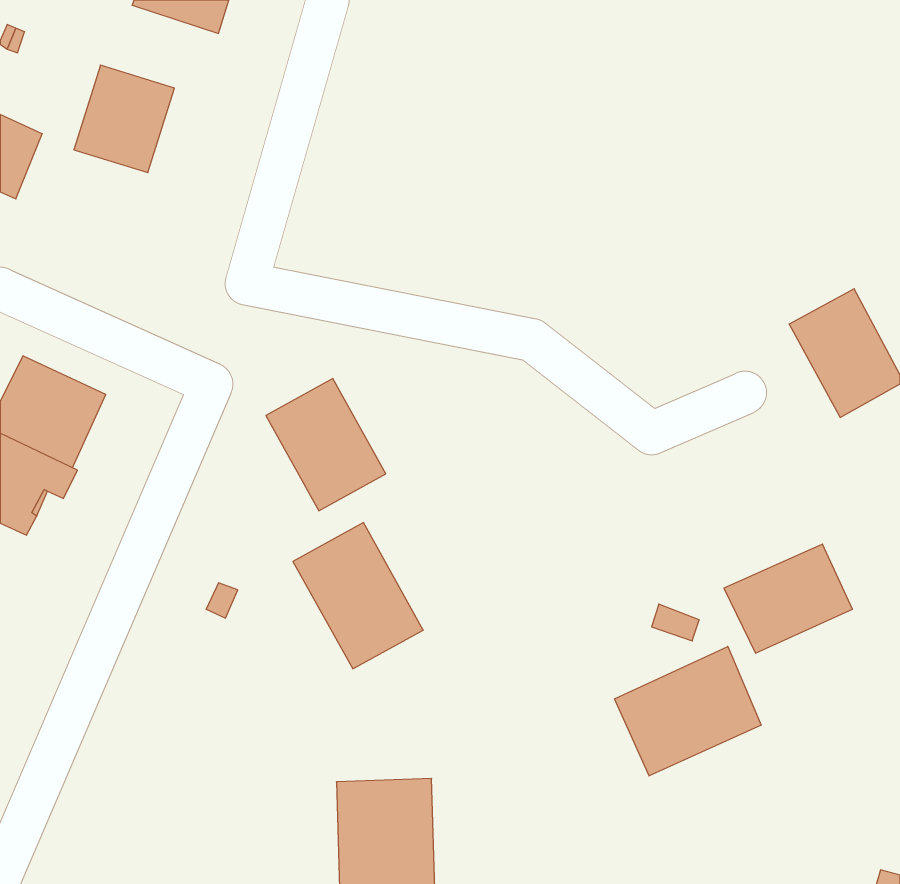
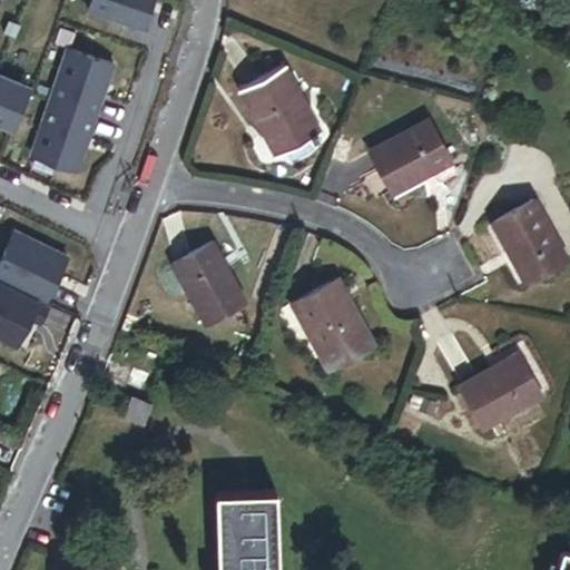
building: none -> [252,65,330,155]
building: none -> [30,105,94,173]
building: none -> [366,116,450,193]
building: [293,523,423,669] -> [301,278,383,371]
building: [614,646,761,776] -> none

